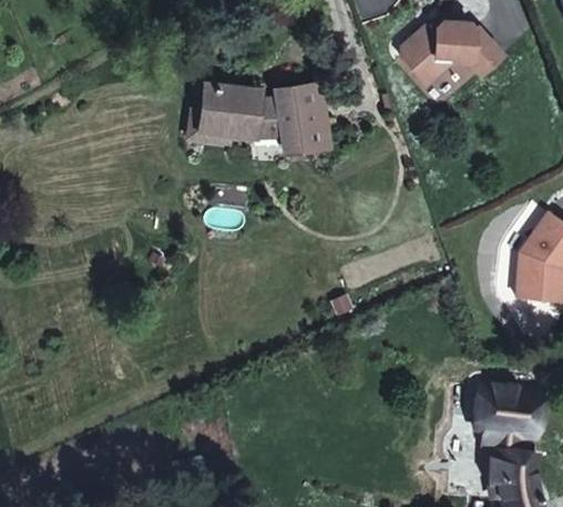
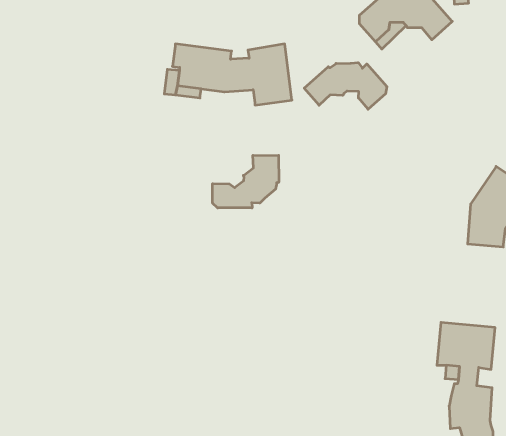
building: none -> [304,63,387,109]
building: none -> [213,155,279,208]

